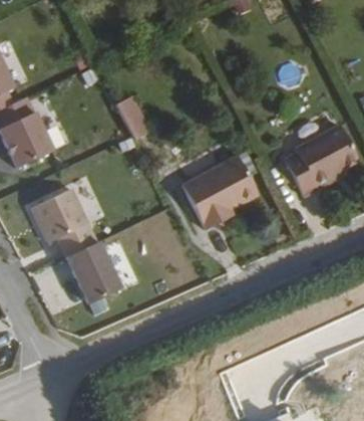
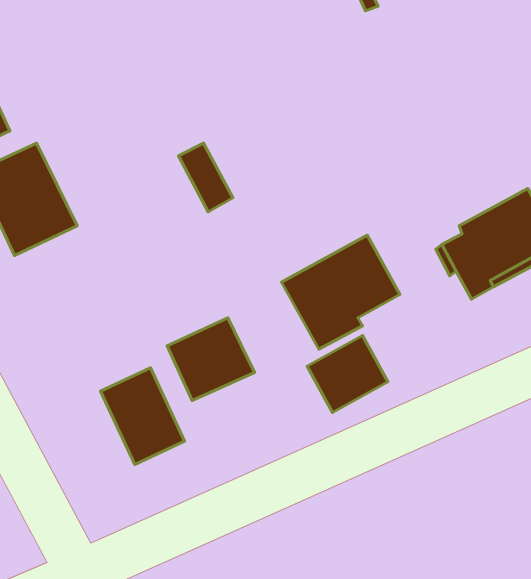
building: [33,188,89,241] -> [167,318,254,400]
building: none -> [307,336,388,412]

